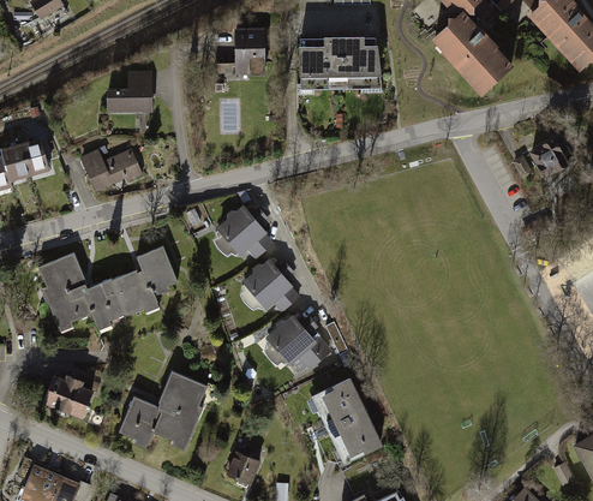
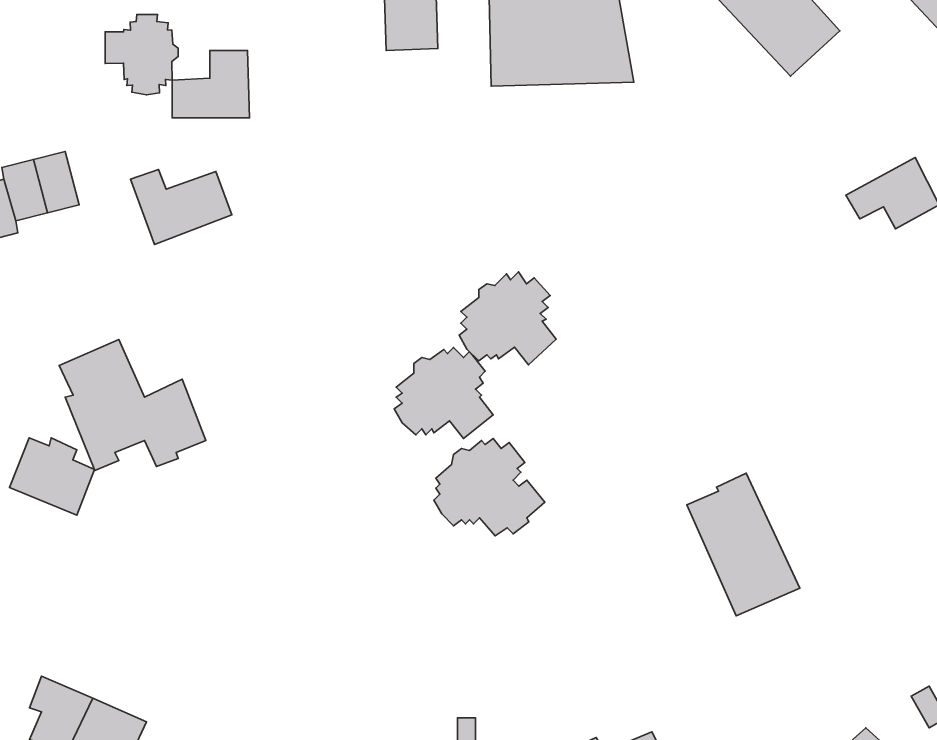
building: none -> [105,15,178,95]
building: [214,203,272,260] -> [459,272,556,365]
building: [112,245,175,318] -> none
building: [119,369,206,449] -> none
building: [41,371,92,418] -> [9,438,95,515]
building: [312,374,381,460] -> [687,473,800,616]
building: [224,449,262,489] -> none

